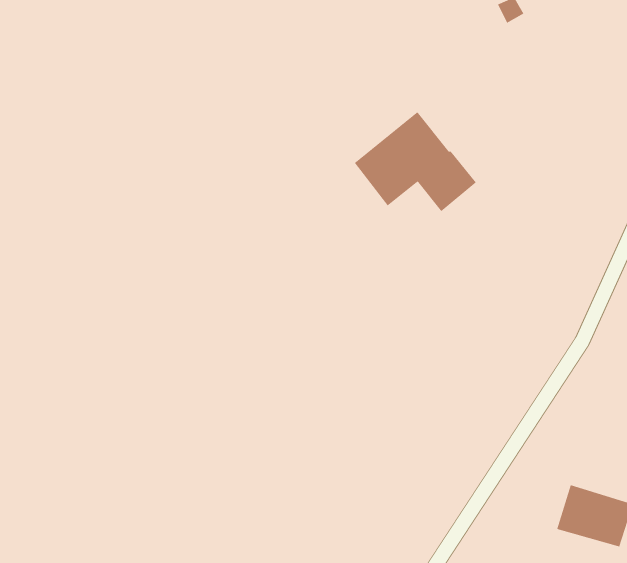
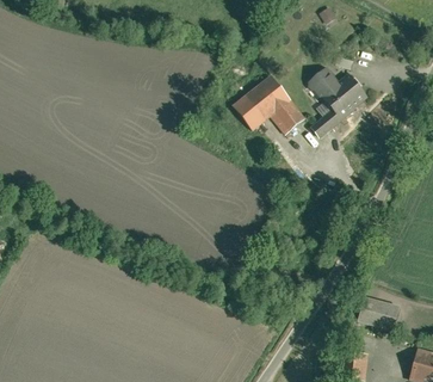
building: none -> [308,72,366,142]

